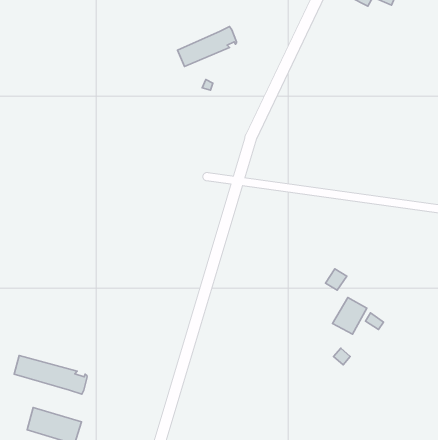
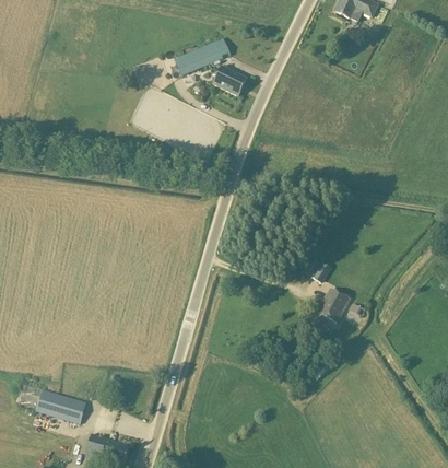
building: none -> [213,66,247,95]
building: [14,356,87,394] -> none

